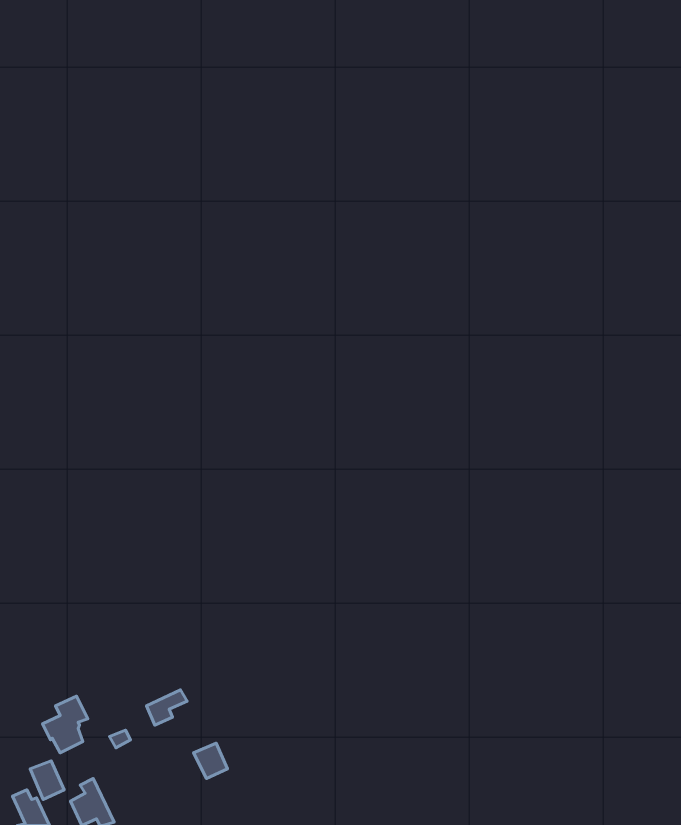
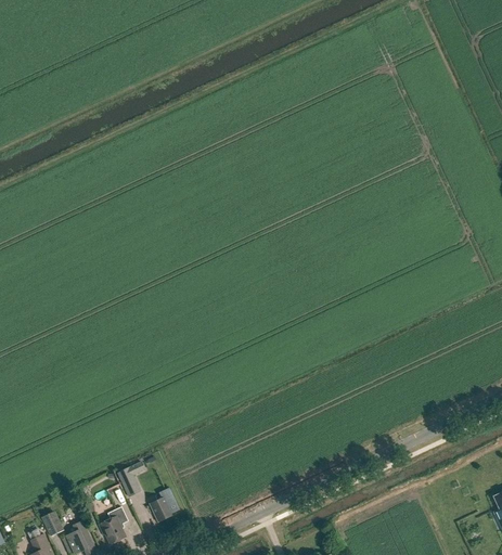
building: [42,696,88,753] -> [99,507,129,545]

